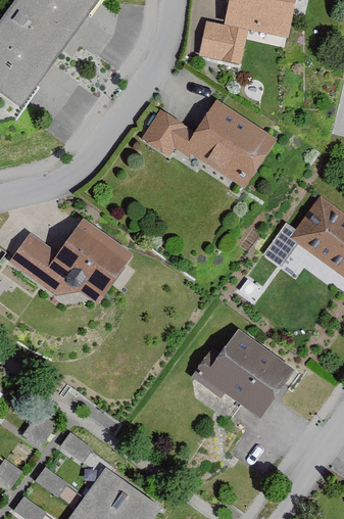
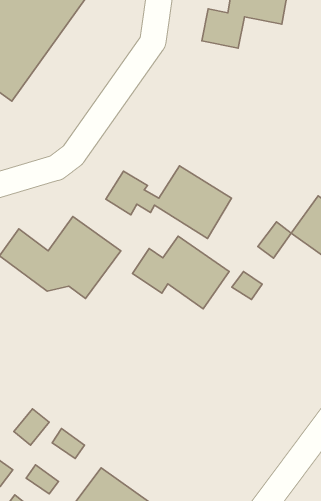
building: [145,106,268,178] -> [106,166,232,239]
building: [193,336,288,408] -> [133,236,229,309]

